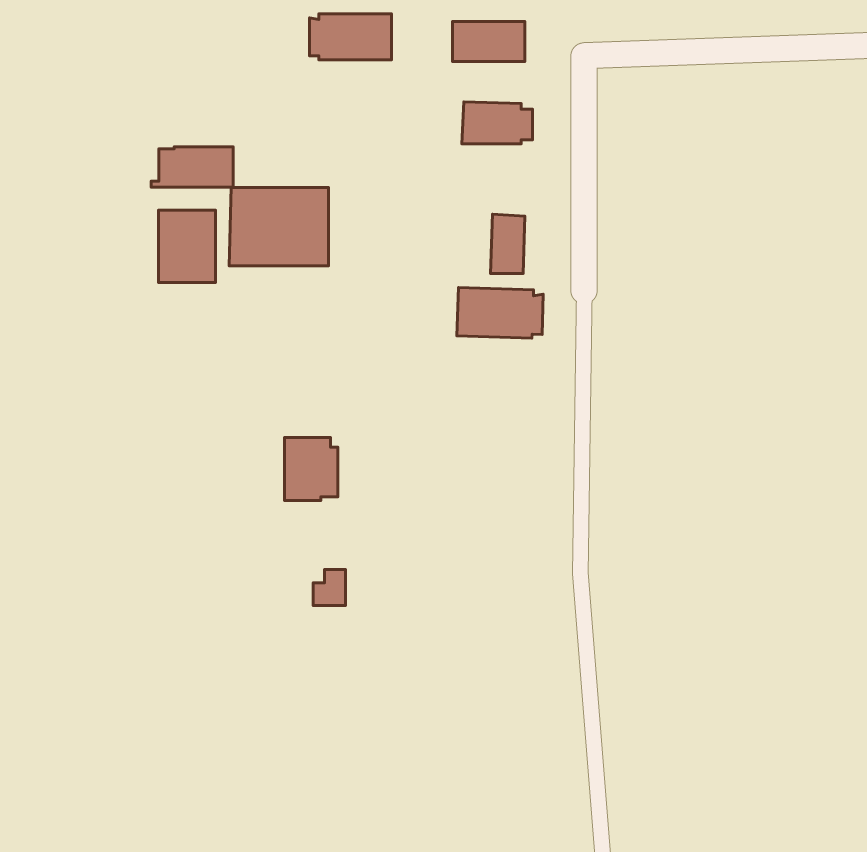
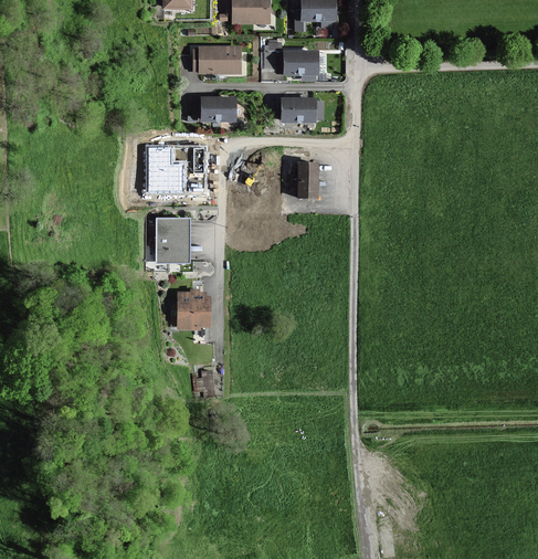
building: [151,147,233,187] -> [188,97,235,120]
building: [158,210,216,283] -> [156,219,189,261]
building: [457,288,543,338] -> none

